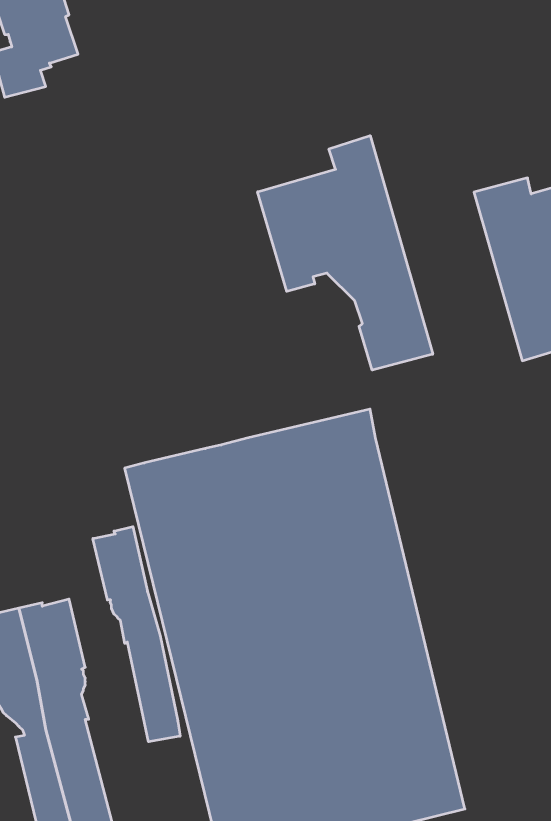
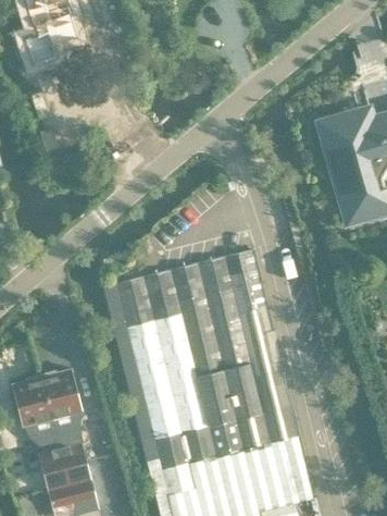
building: [258,136,433,370] -> none
building: [93,527,180,742] -> none

